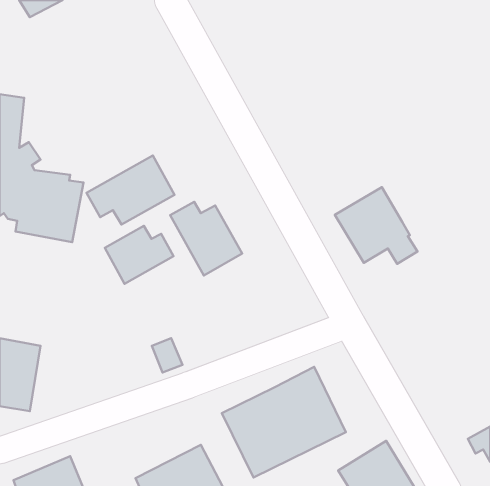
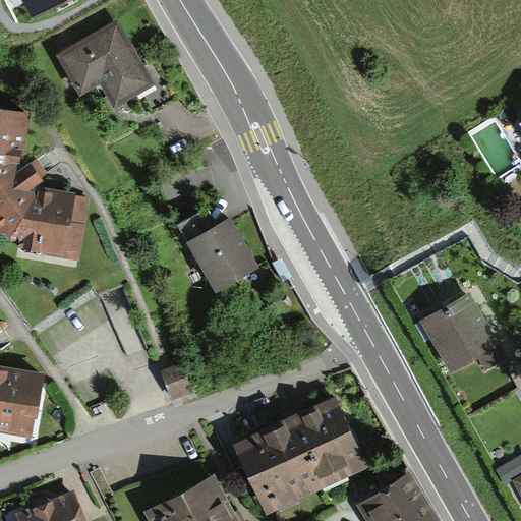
building: none -> [58,24,156,111]
building: [86,155,174,224] -> none
building: [335,187,417,264] -> [419,290,507,371]
building: [105,226,174,284] -> none

